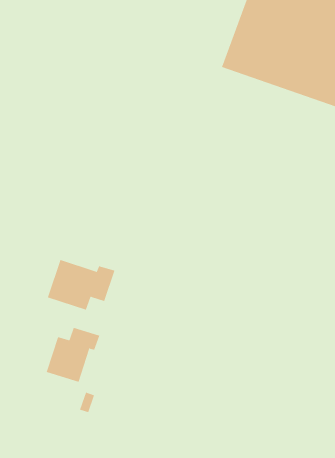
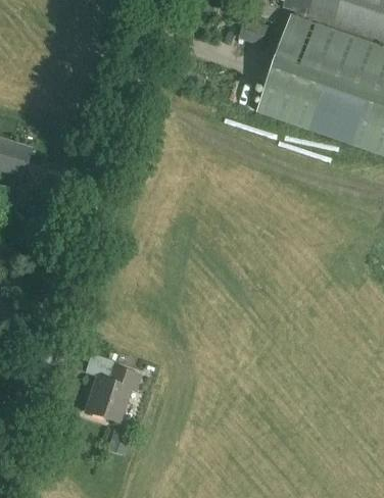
building: [47,259,115,310] -> none

